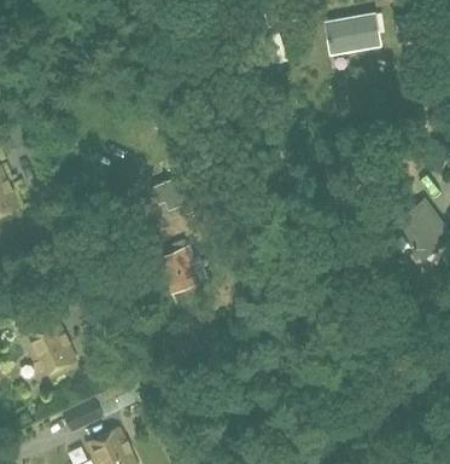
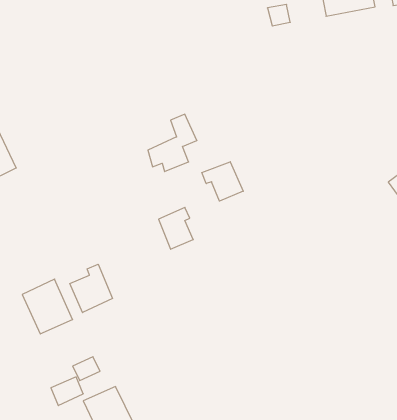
building: none -> [202,162,243,201]
building: none -> [70,264,112,313]

